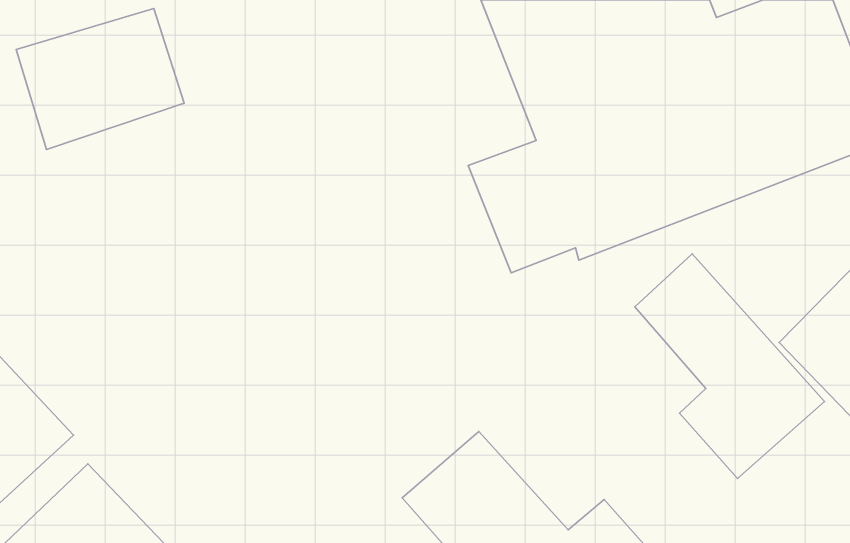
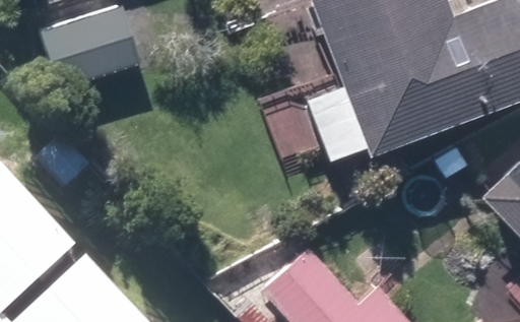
building: [635,254,824,479] -> none

